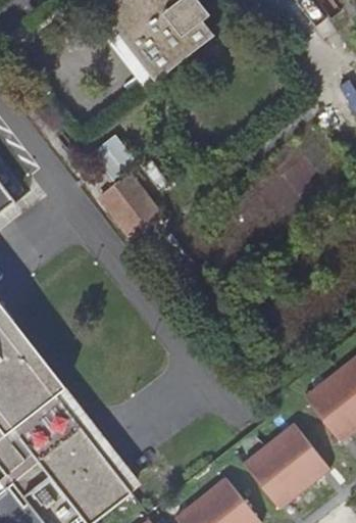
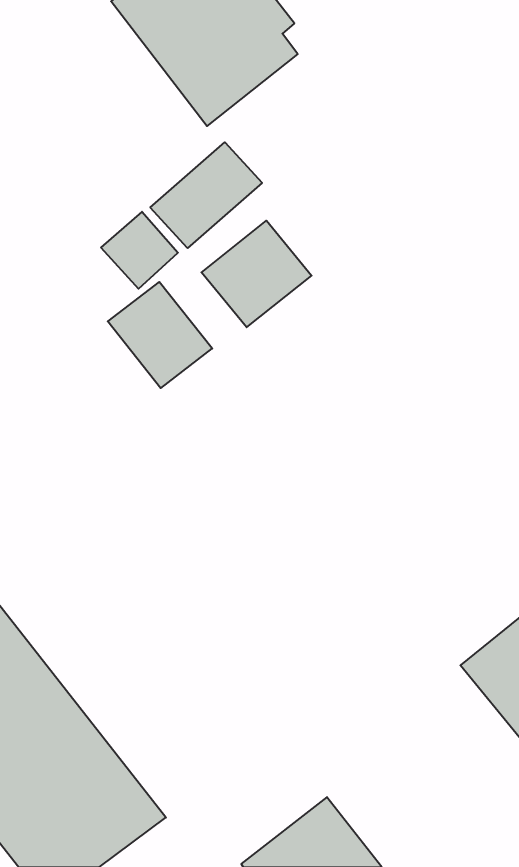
building: none -> [150,142,262,248]
building: none -> [201,221,312,327]
building: [245,424,332,509] -> none

